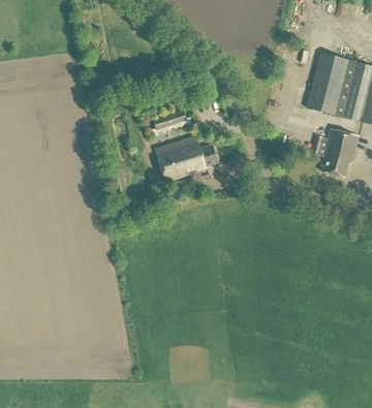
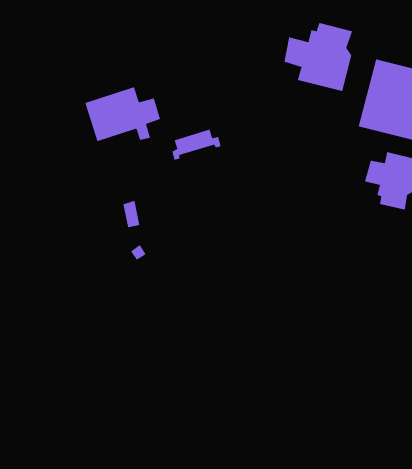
building: none -> [284,22,353,92]
building: [156,135,219,181] -> [84,87,161,142]

